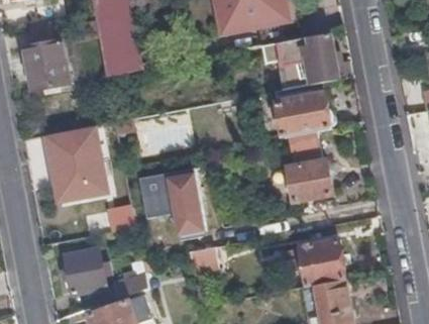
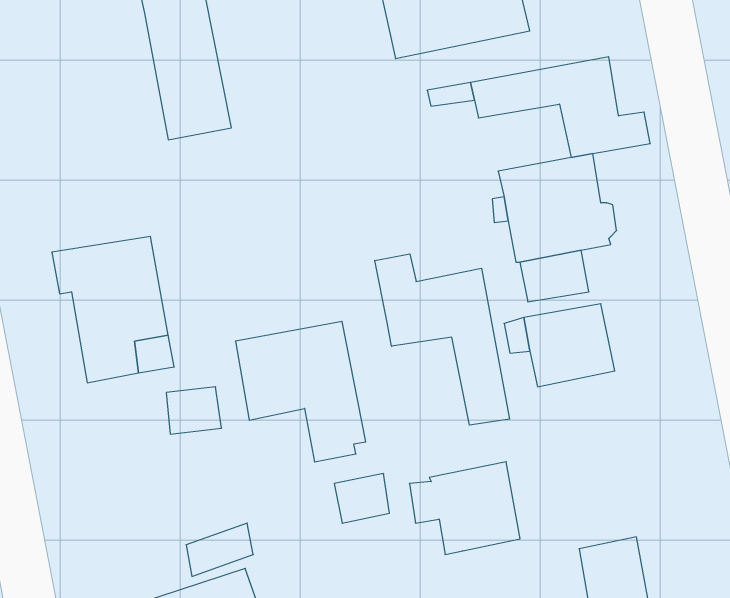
building: [24,39,70,89] -> none
building: none -> [375,254,509,425]
building: [288,239,344,287] -> [409,462,520,555]
building: [66,247,107,294] -> none

